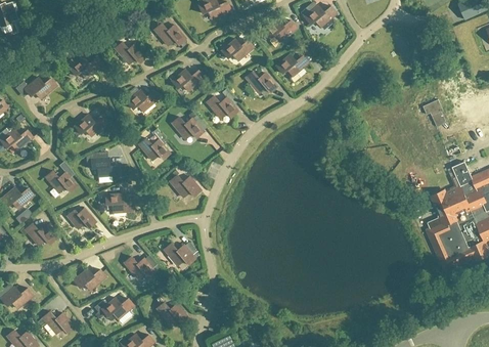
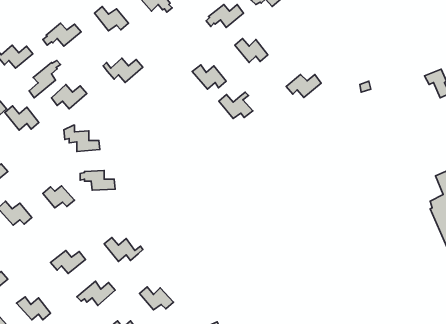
building: [276,54,309,76] -> [286,74,321,97]
building: [168,69,205,90] -> none
building: none -> [29,60,61,98]
building: [172,114,204,138] -> [219,92,253,119]
building: [138,135,170,160] -> none
building: [170,169,201,197] -> none
building: [45,170,77,192] -> [5,106,39,130]
building: [164,243,199,265] -> none

